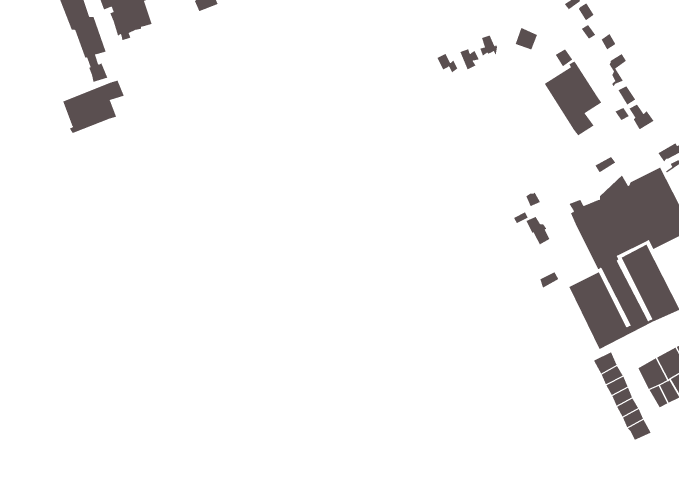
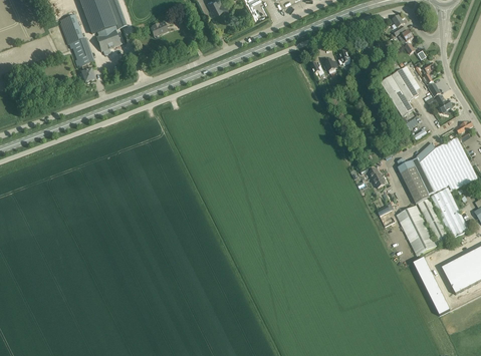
building: [62,80,124,134] -> none

